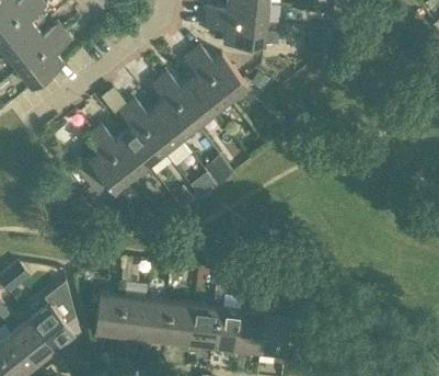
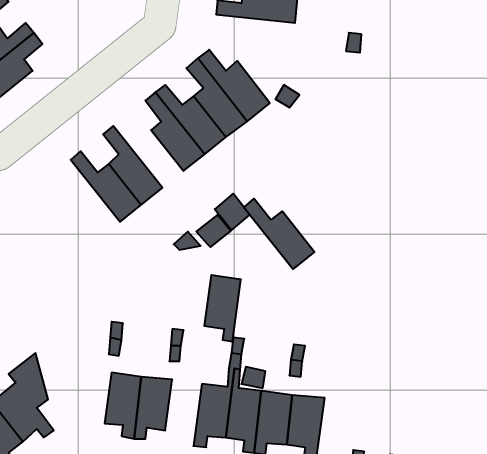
building: [204,18,266,46] -> none
building: [125,98,180,152] -> [244,199,314,269]
building: [83,130,130,193] -> none
building: [93,293,124,342] -> none
building: [165,301,194,353] -> [204,275,241,341]

